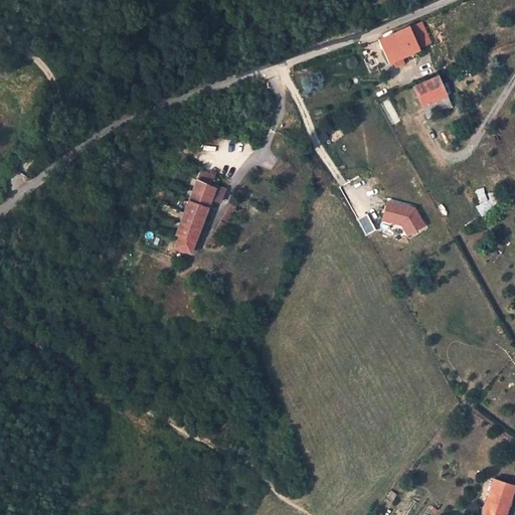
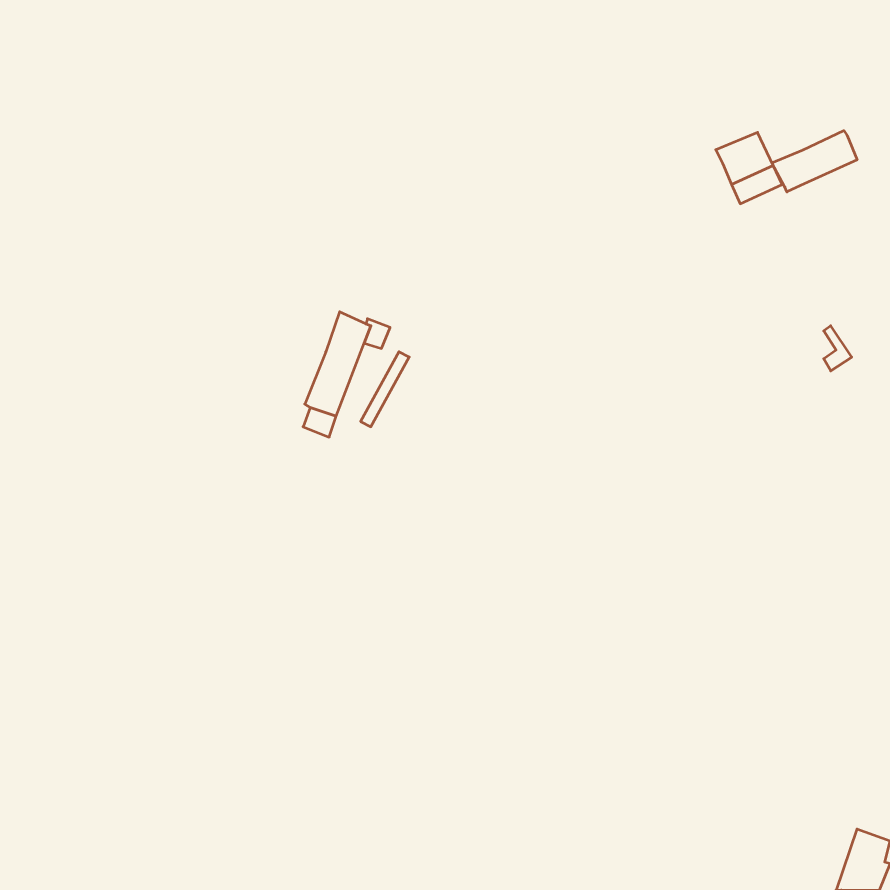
building: [379,26,419,63] -> none
building: none -> [772,131,857,192]
building: [382,201,425,235] -> none

